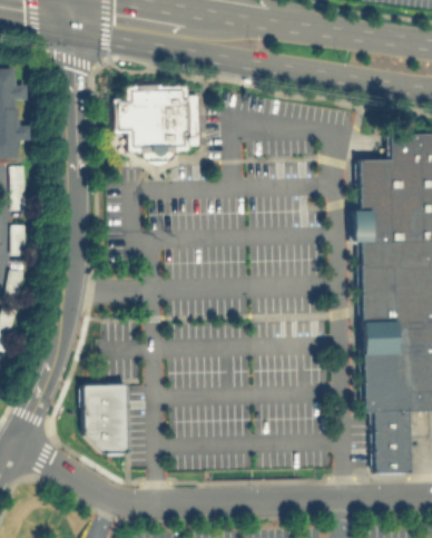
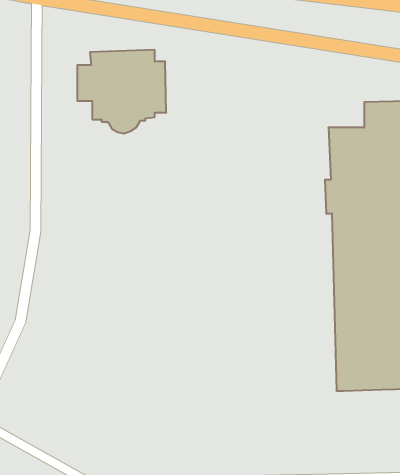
building: [81,383,126,453] -> none
building: [370,411,408,472] -> none

